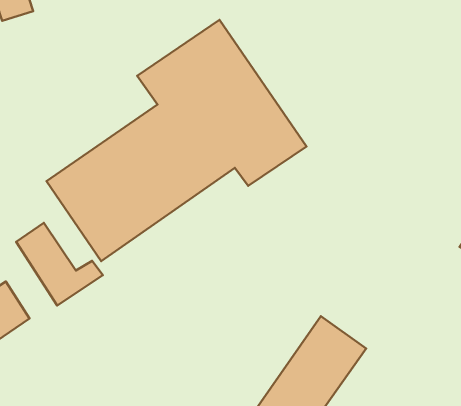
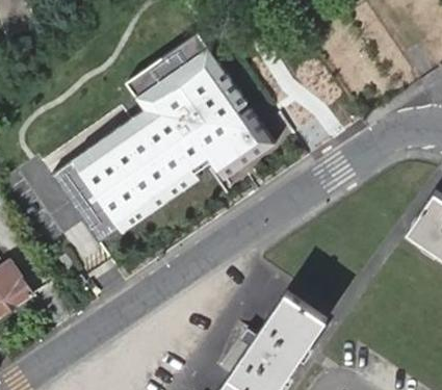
building: [16,223,103,306] -> none

